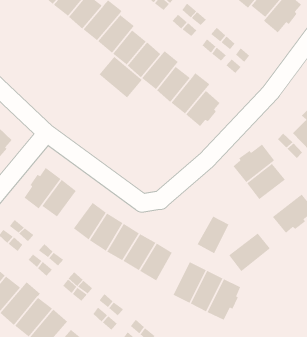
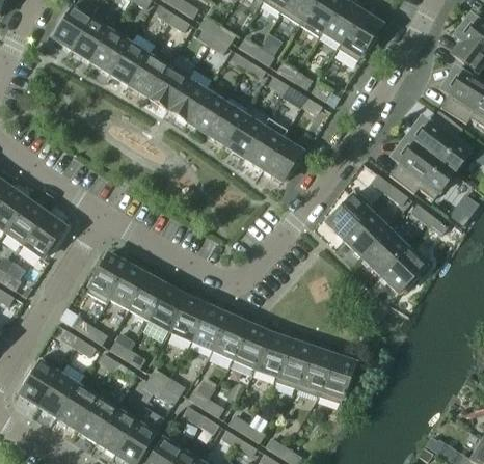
building: [99,56,143,98] -> none
building: none -> [129,275,167,320]
building: [197,216,230,258] -> [254,332,290,382]
building: [228,233,271,272] -> [361,226,410,275]

